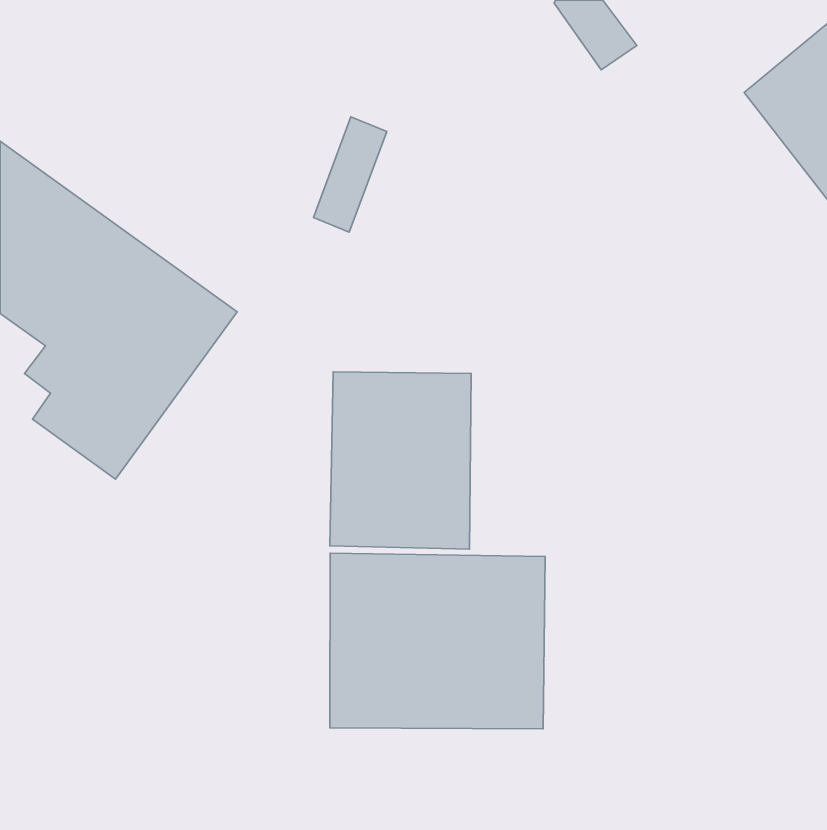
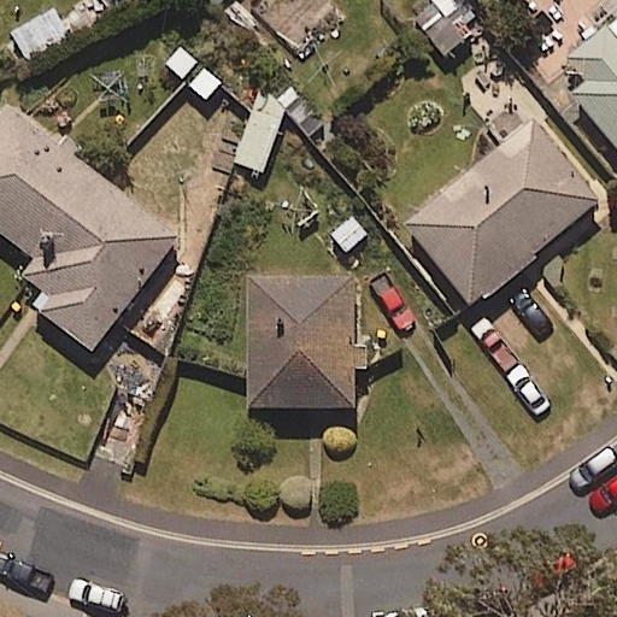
building: none -> [404,119,599,305]
building: [330,553,545,729] -> none

